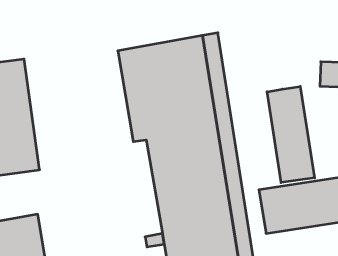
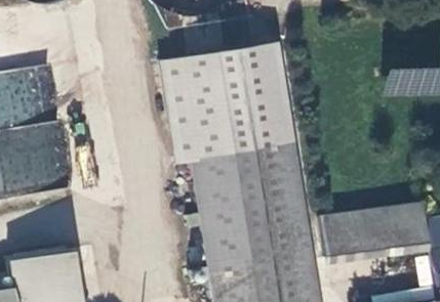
building: [267,86,315,183] -> none

